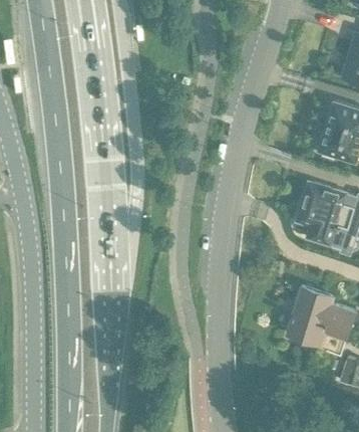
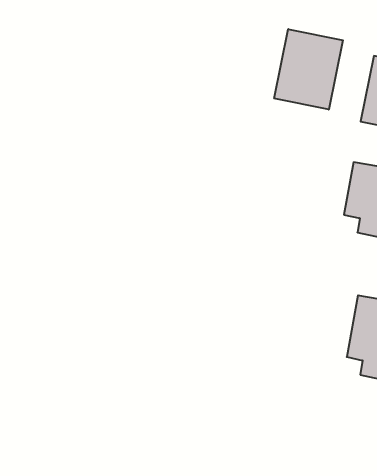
building: none -> [274,29,343,110]

